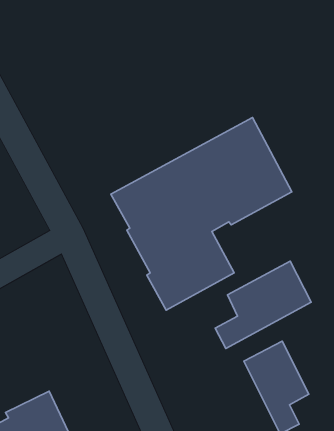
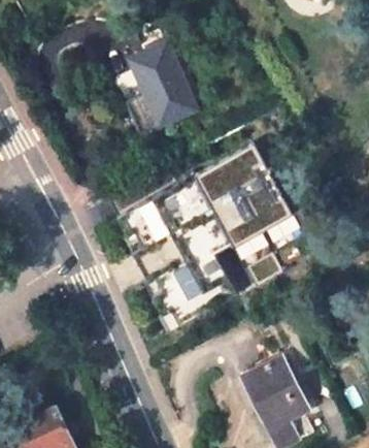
building: none -> [132,42,196,125]
building: [215,261,311,348] -> none

